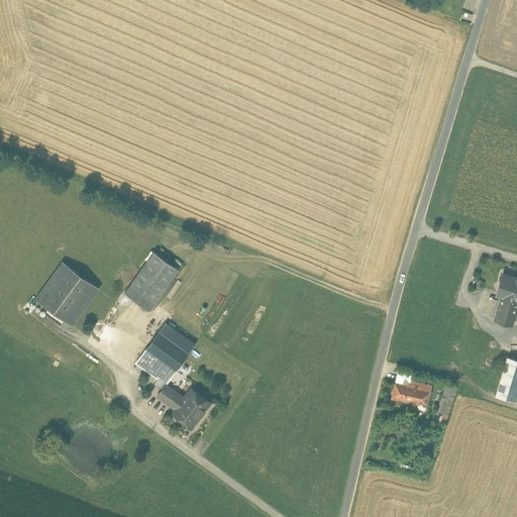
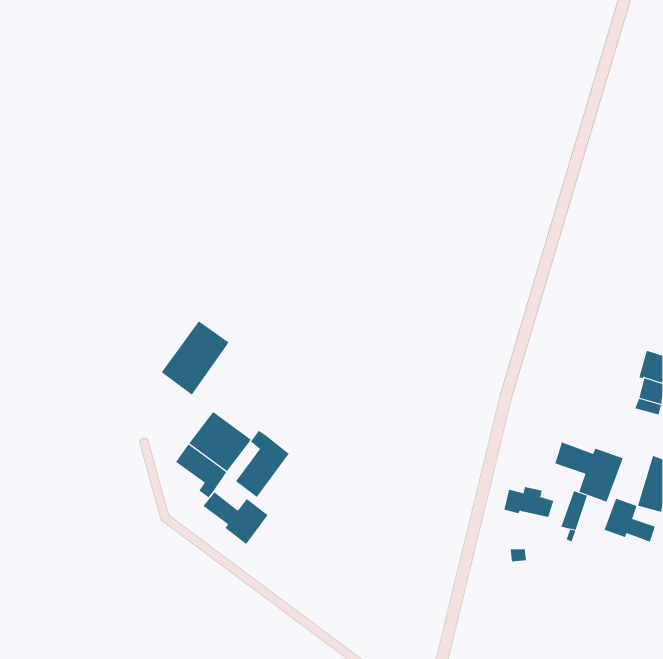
building: [37,264,98,325] -> none
building: none -> [235,430,289,498]
building: none -> [554,441,624,502]
building: none -> [604,498,656,543]

